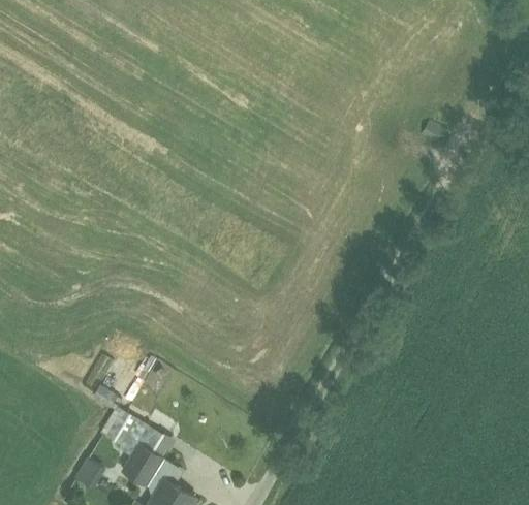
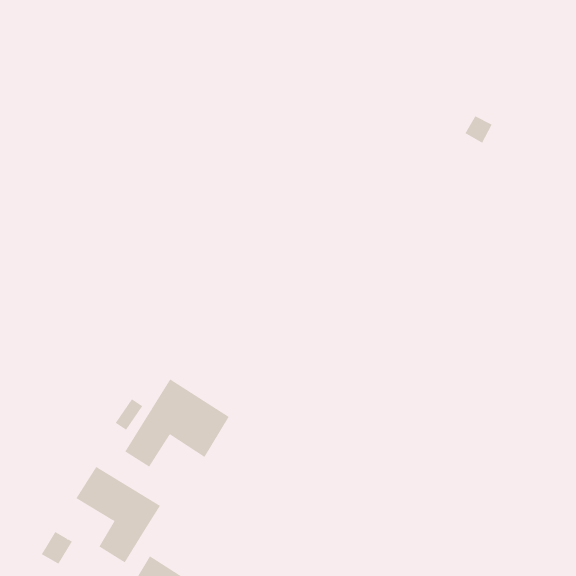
building: none -> [124,378,230,467]

